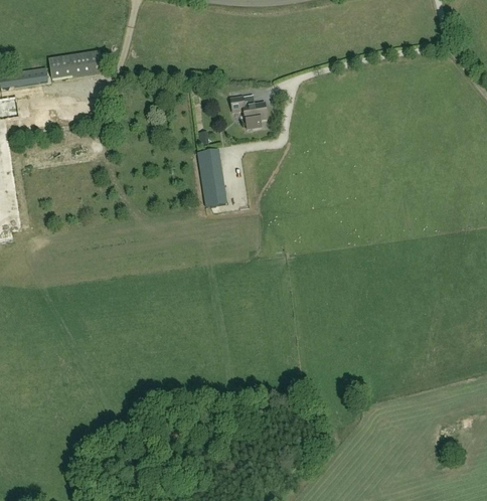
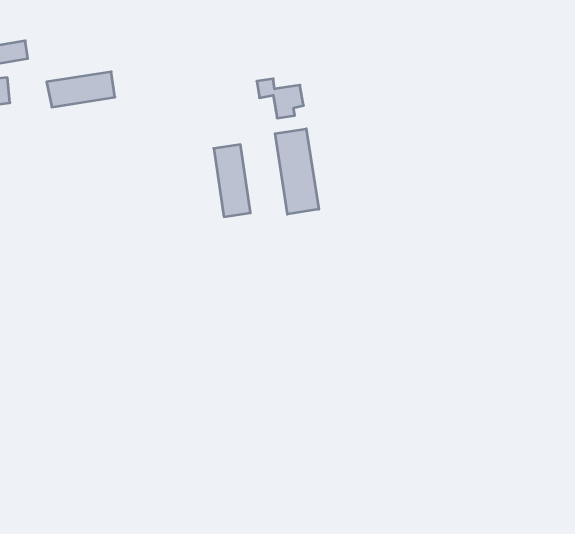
building: [48,49,103,77] -> [47,72,115,107]
building: none -> [275,129,319,214]

